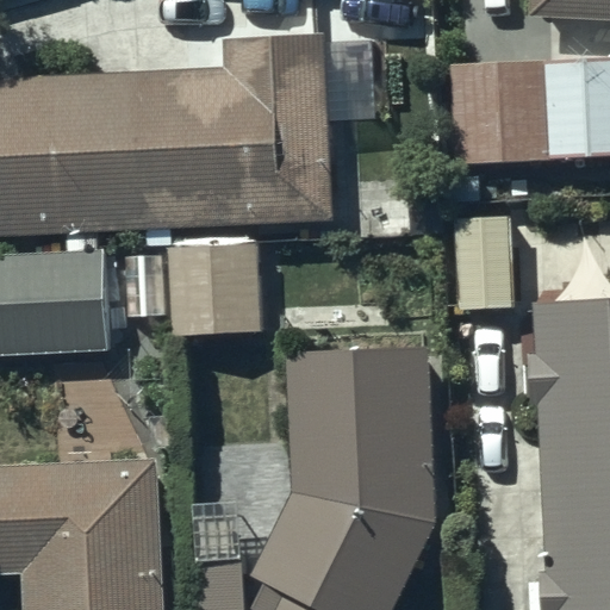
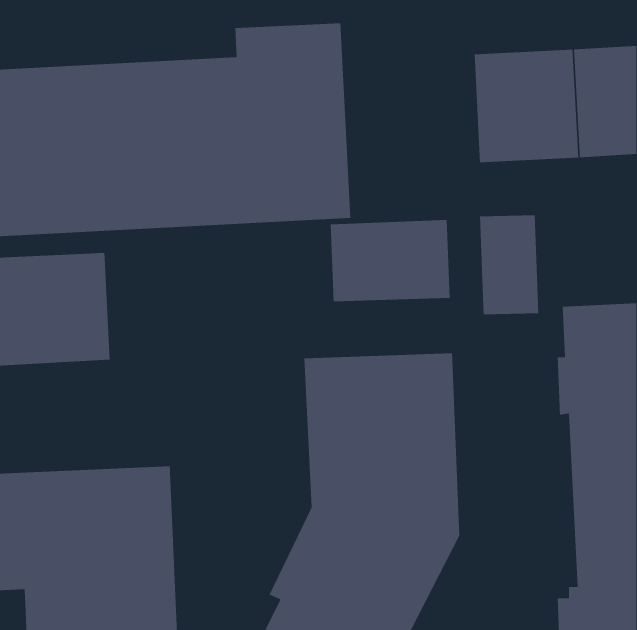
building: none -> [330,219,450,302]
building: [167,241,260,336] -> none

